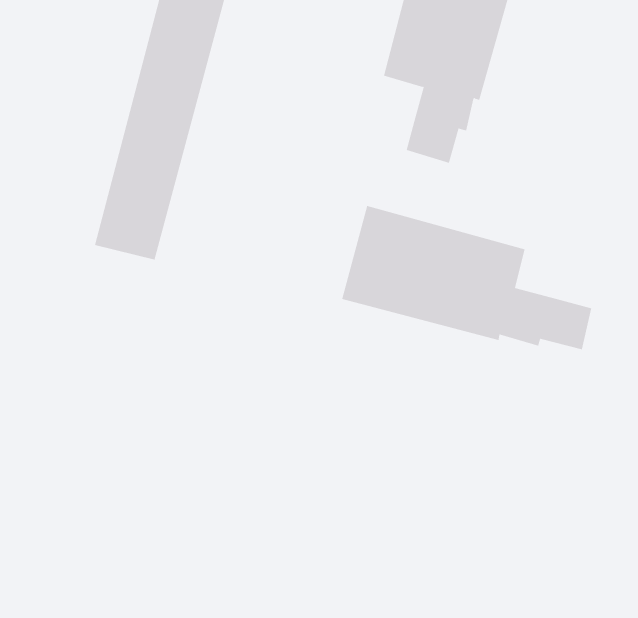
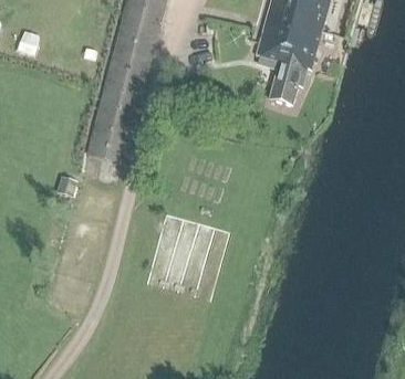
building: [341,205,592,350] -> none

